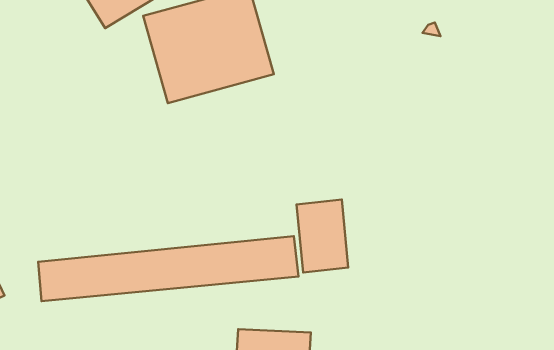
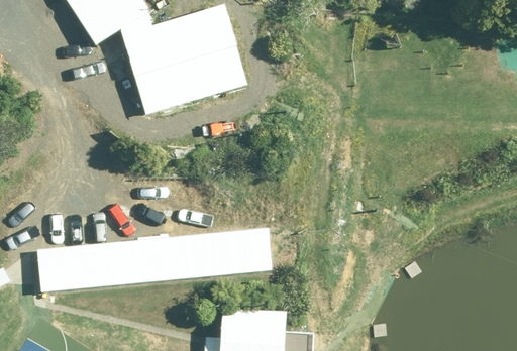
building: [297,199,348,273] -> none

